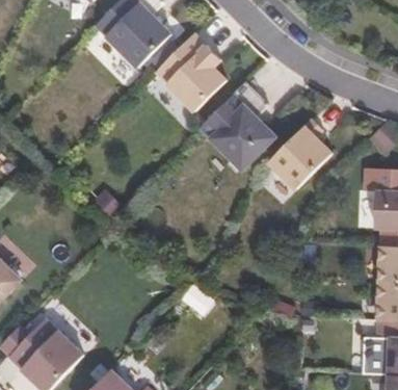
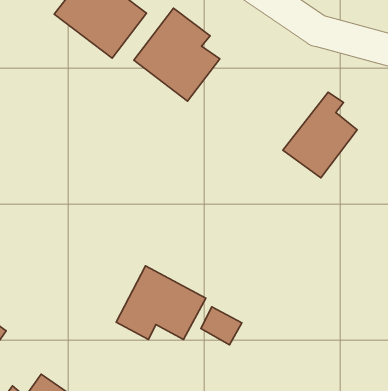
building: [200,83,275,171] -> none
building: none -> [116,266,206,340]

